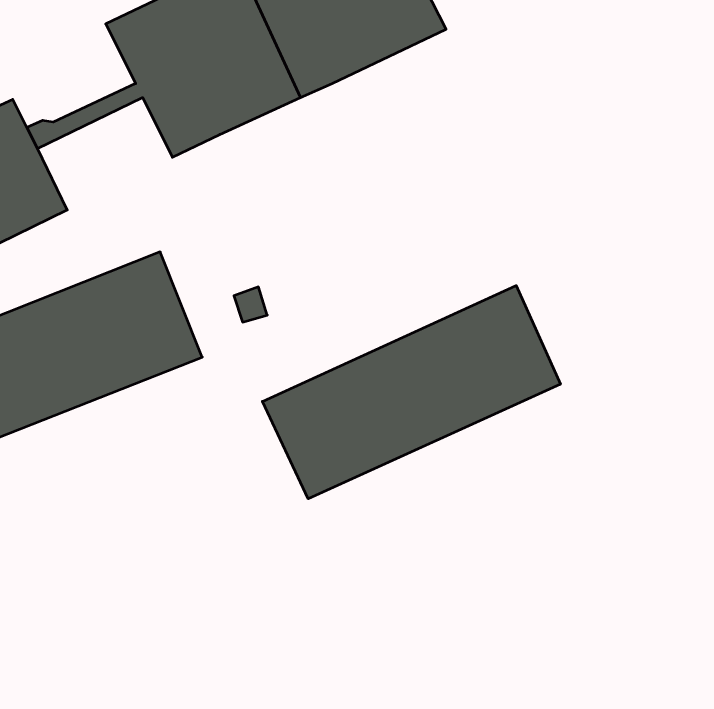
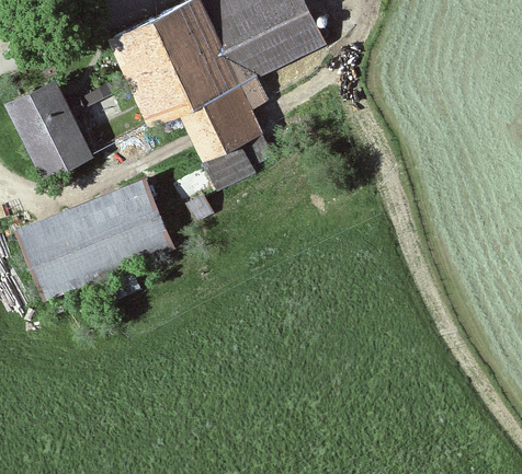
building: none -> [183,74,270,181]
building: [262,286,560,499] -> none

